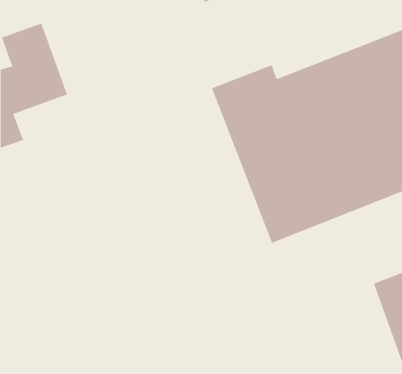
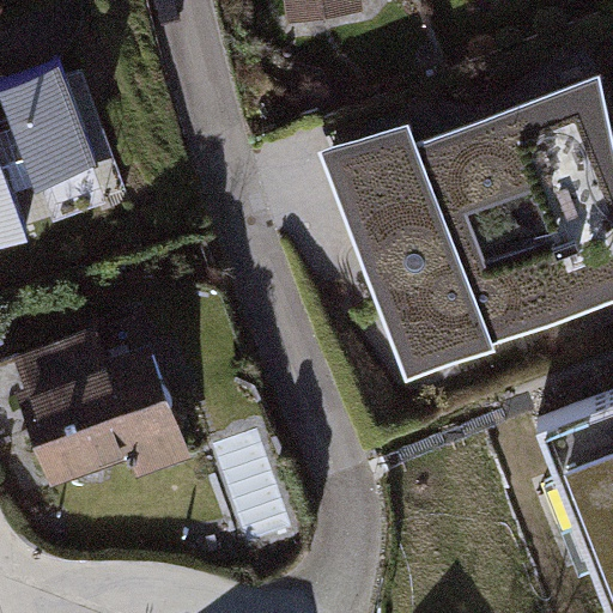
building: none -> [19,330,198,491]

